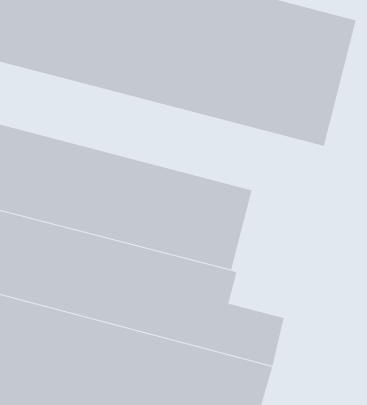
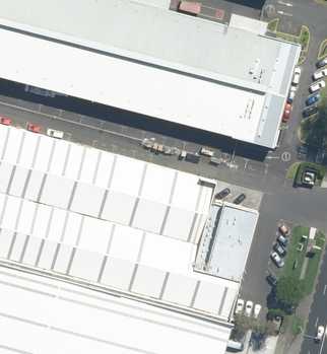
building: none -> [206,202,260,281]

